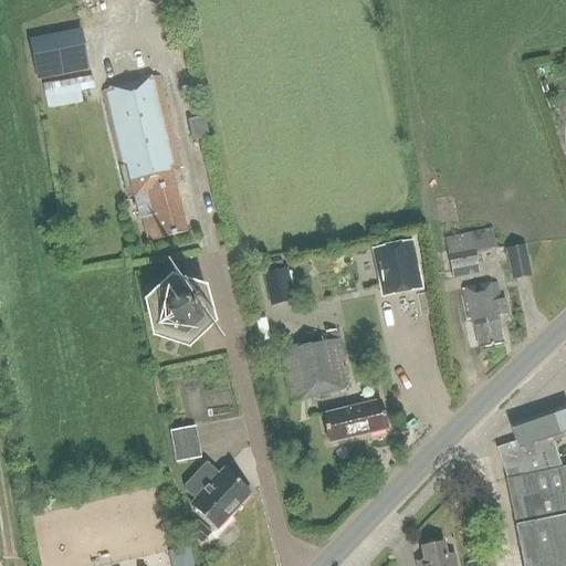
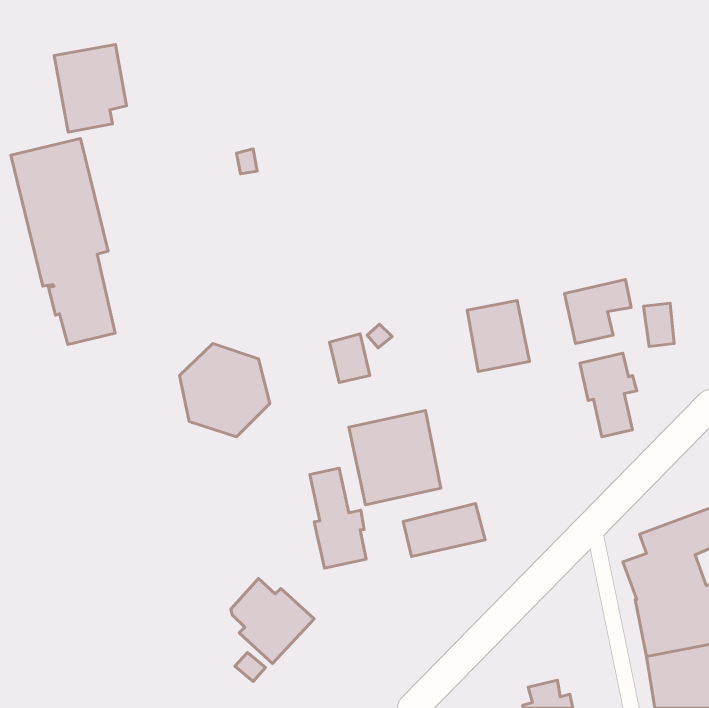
building: [104,76,187,240] -> [11,139,115,344]
building: none -> [310,468,366,568]
building: [170,424,201,460] -> none

